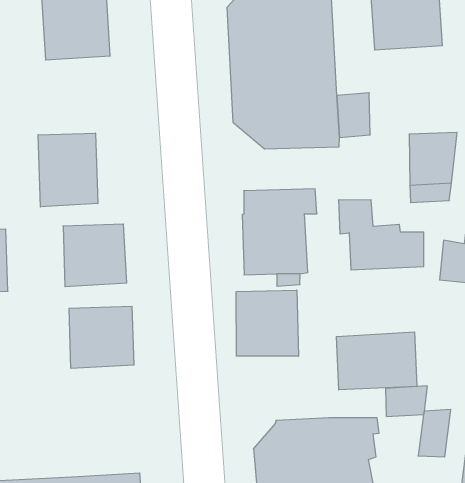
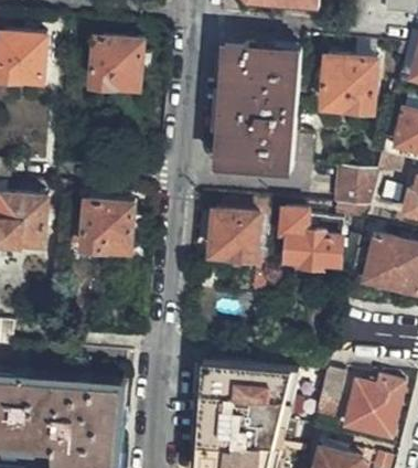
building: [38,133,98,207] -> none
building: [236,290,298,356] -> none
building: [69,306,134,368] -> none
building: [336,332,417,390] -> none

